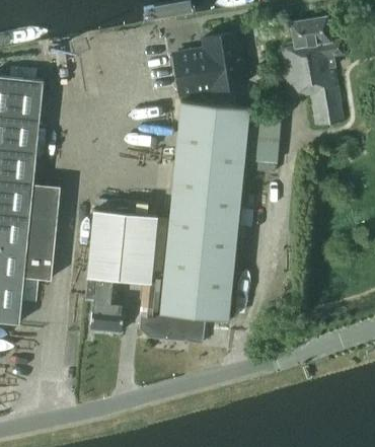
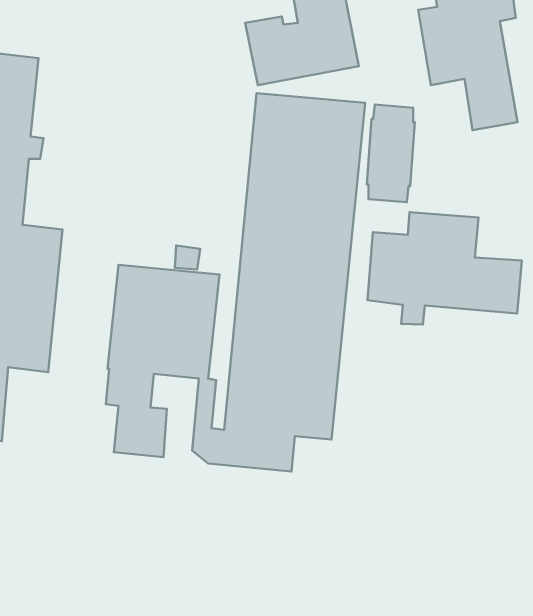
building: none -> [368,212,522,324]

